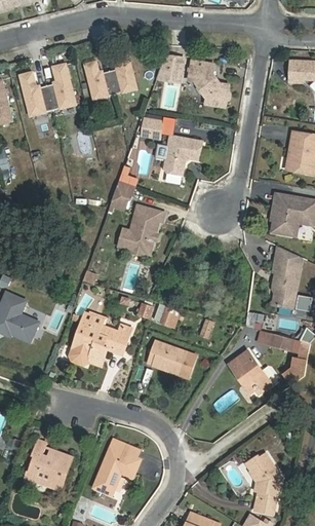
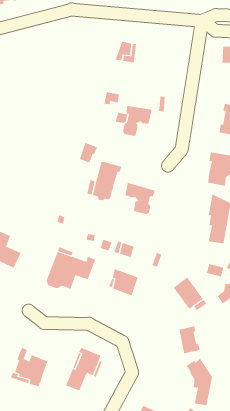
building: [83,51,134,98] -> none
building: [19,60,75,113] -> none
building: [189,60,230,106] -> none
building: none -> [125,182,156,215]
building: none -> [179,326,200,354]

